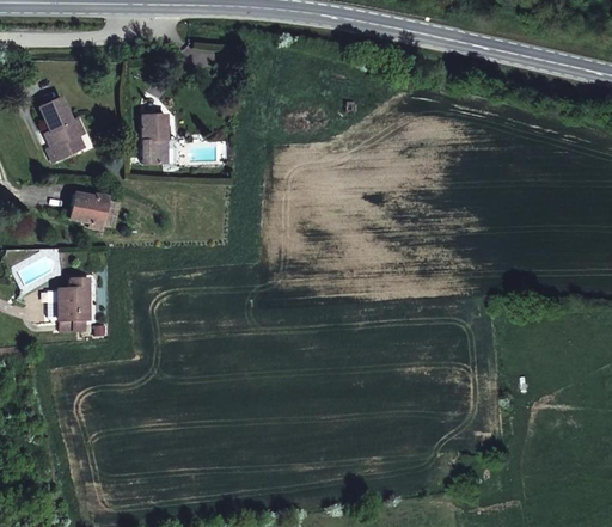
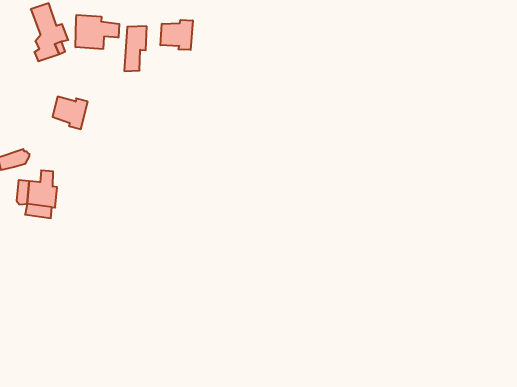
building: none -> [160,20,193,50]
building: none -> [76,15,119,49]

